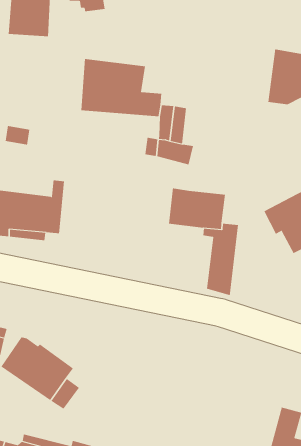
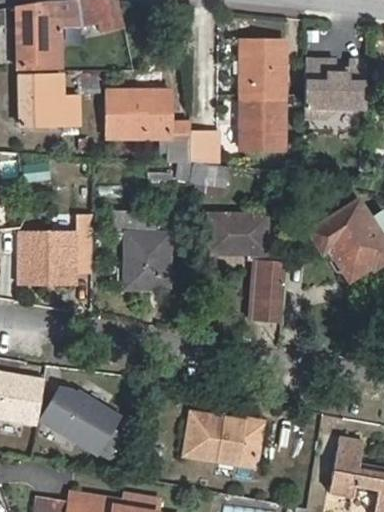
building: none -> [240,40,284,148]
building: none -> [17,74,83,123]
building: none -> [112,212,167,292]
building: none -> [190,418,266,470]

